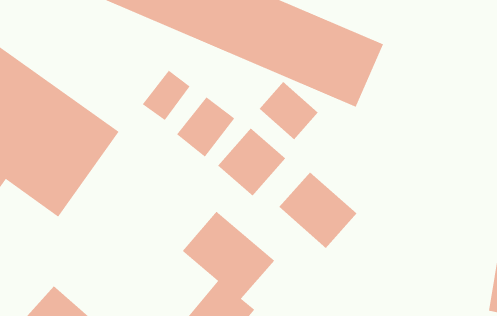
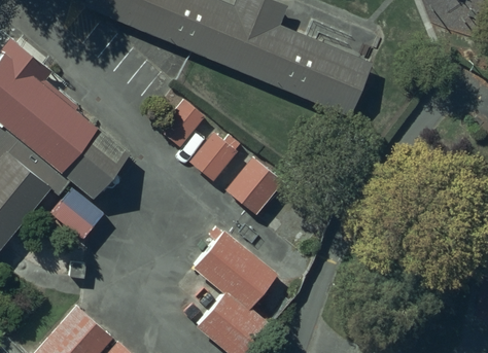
building: [259,81,319,140] -> none
building: [278,171,357,249] -> none

